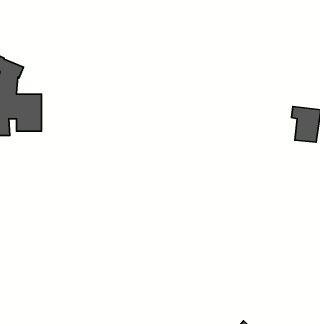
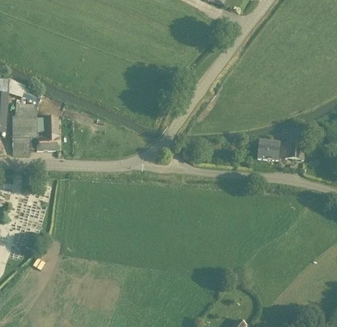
building: none -> [255,141,279,161]

